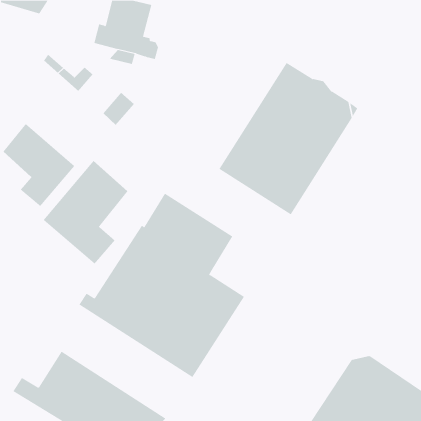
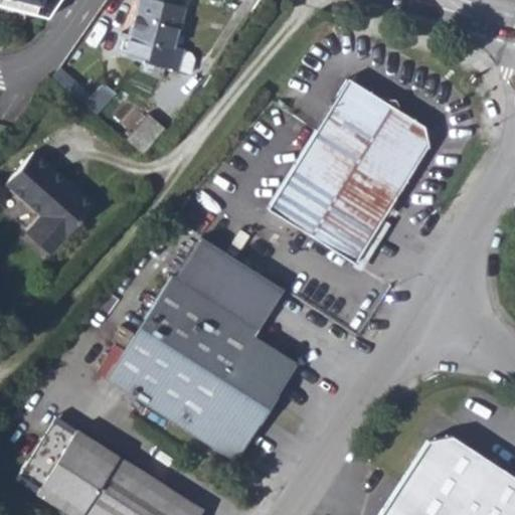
building: [43,160,128,264] -> none
building: none -> [28,415,76,473]

